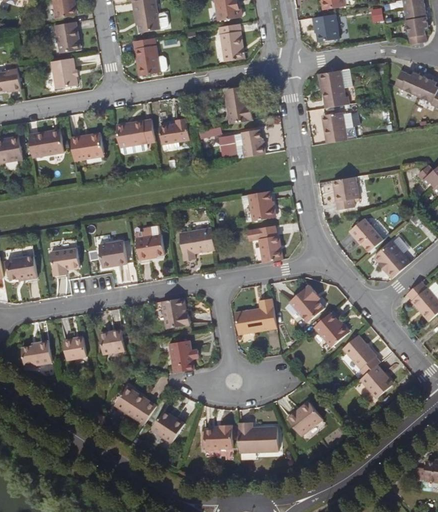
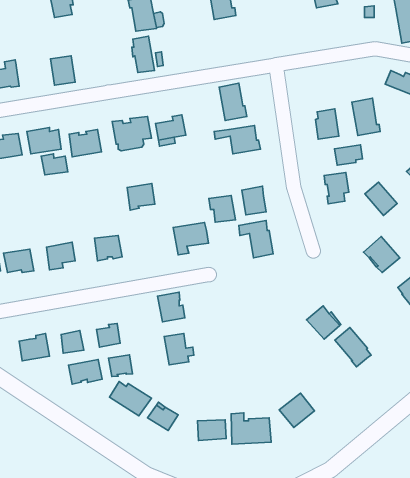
building: [313,13,341,40] -> none
building: [56,21,80,52] -> none
building: [220,23,246,60] -> none
building: [320,69,349,107] -> [352,98,380,135]
building: none -> [335,145,362,165]
building: none -> [41,154,68,175]
building: none -> [209,195,235,222]
building: [349,216,382,250] -> [365,182,397,215]
building: [135,233,163,260] -> [127,184,155,210]
building: [290,284,324,322] -> none
building: [236,298,277,333] -> none
building: none -> [108,355,133,377]
building: [360,364,392,398] -> none
building: none -> [69,360,102,384]

